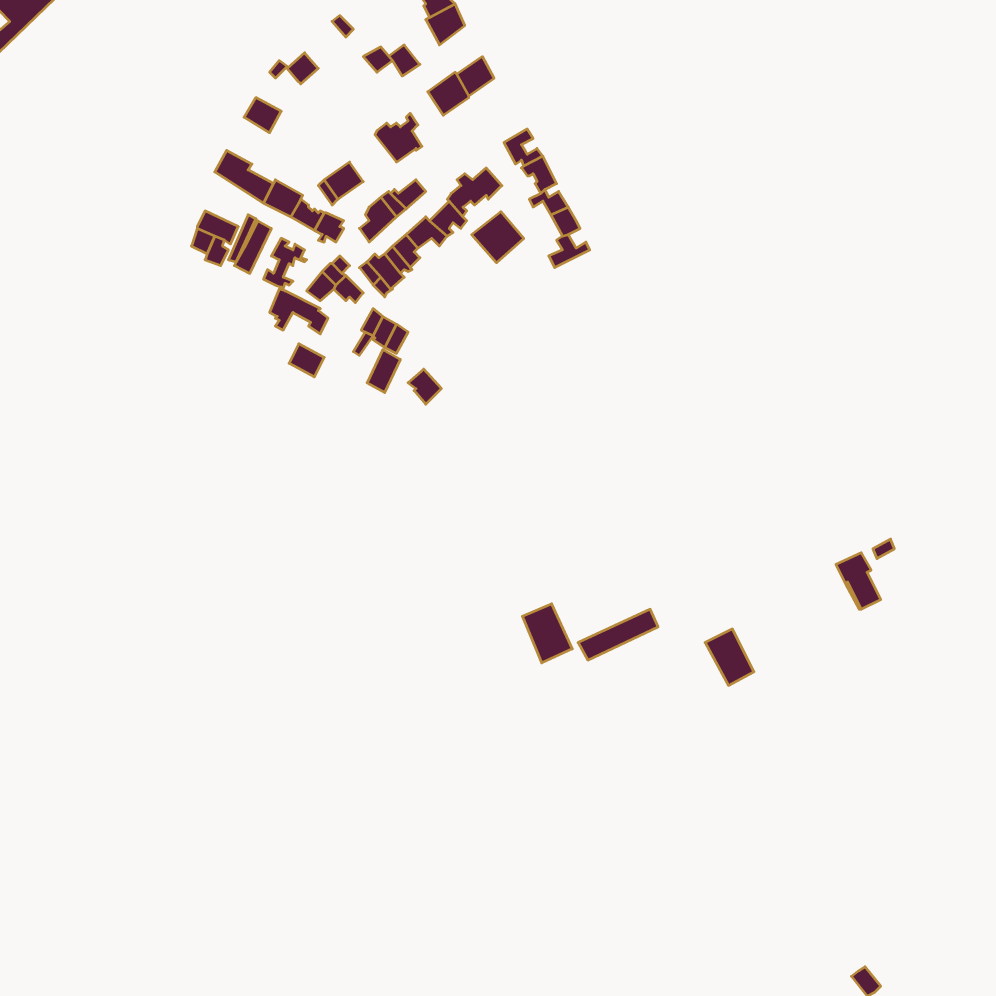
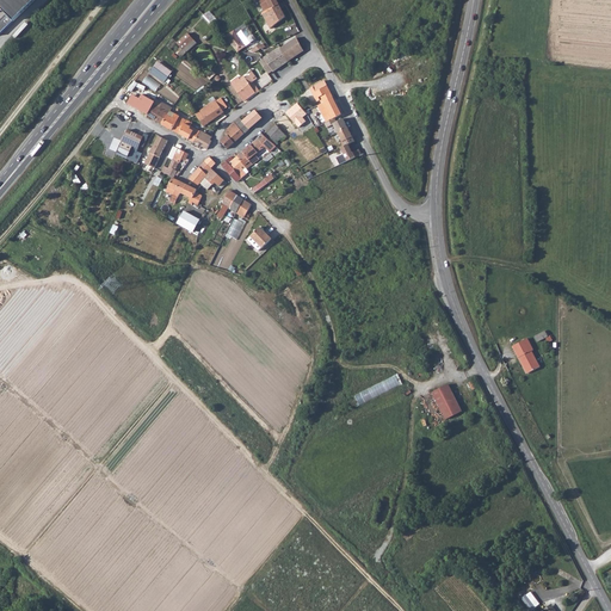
building: [472,212,524,263] -> none
building: [522,604,572,663] -> none

